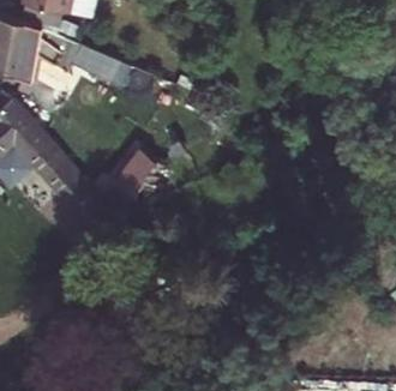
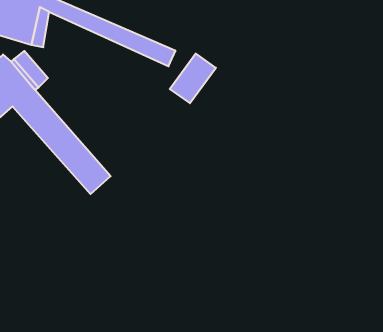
building: [113,150,160,200] -> [170,54,216,103]

